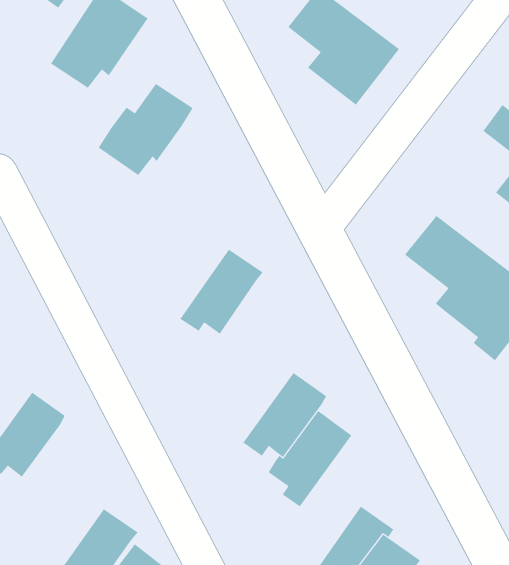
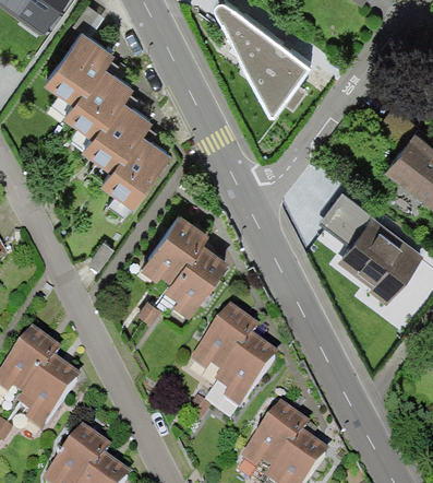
building: none -> [62,58,132,126]
building: none -> [100,125,171,198]
building: none -> [164,244,229,321]
building: none -> [21,353,86,431]

